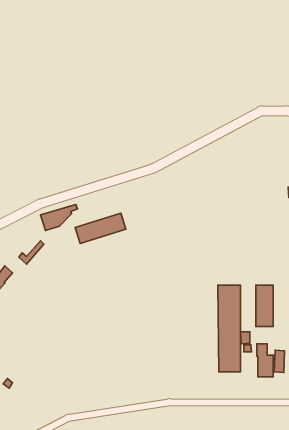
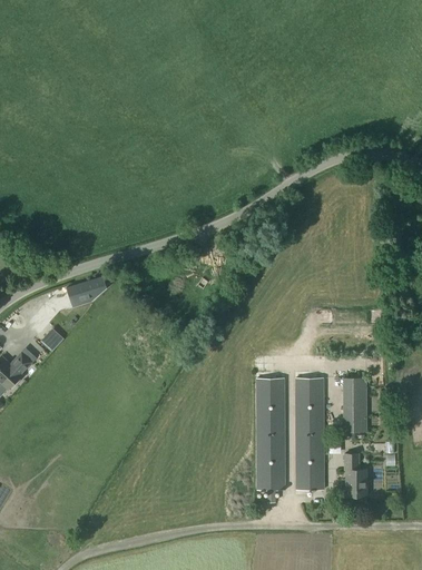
building: [75,213,126,243] -> none
building: none -> [256,379,285,490]

